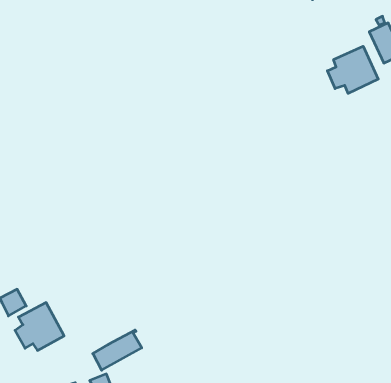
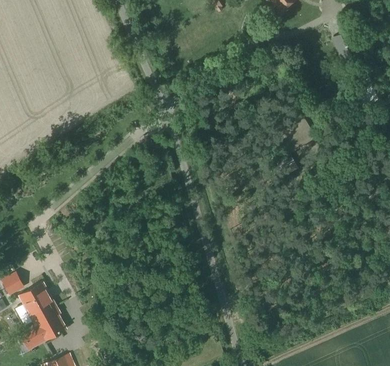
building: [327,46,378,93] -> none
building: [93,330,142,370] -> [22,312,66,348]

